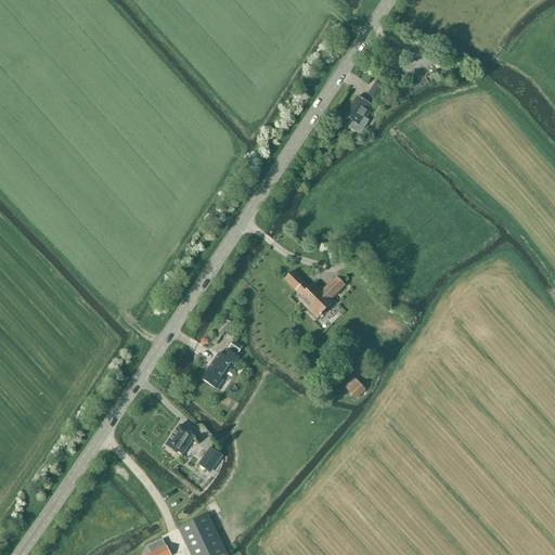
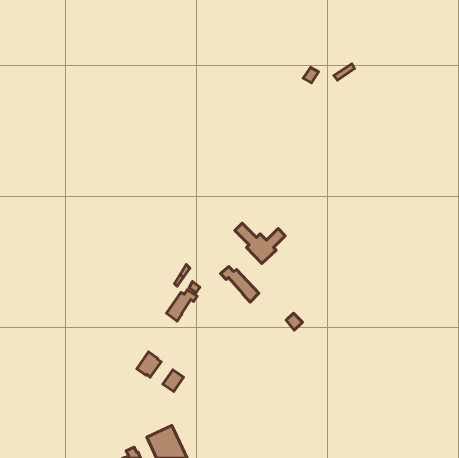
building: [344,96,372,133] -> none
building: none -> [221,266,259,302]

